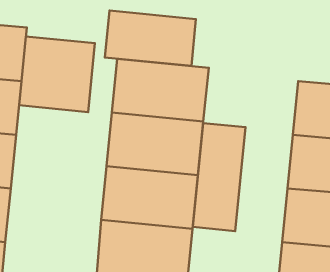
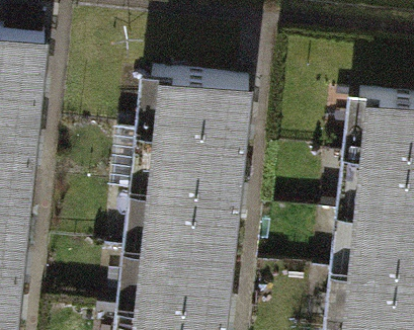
building: [105,11,196,66] -> none
building: [19,36,95,112] -> none
building: [193,123,245,231] -> none

